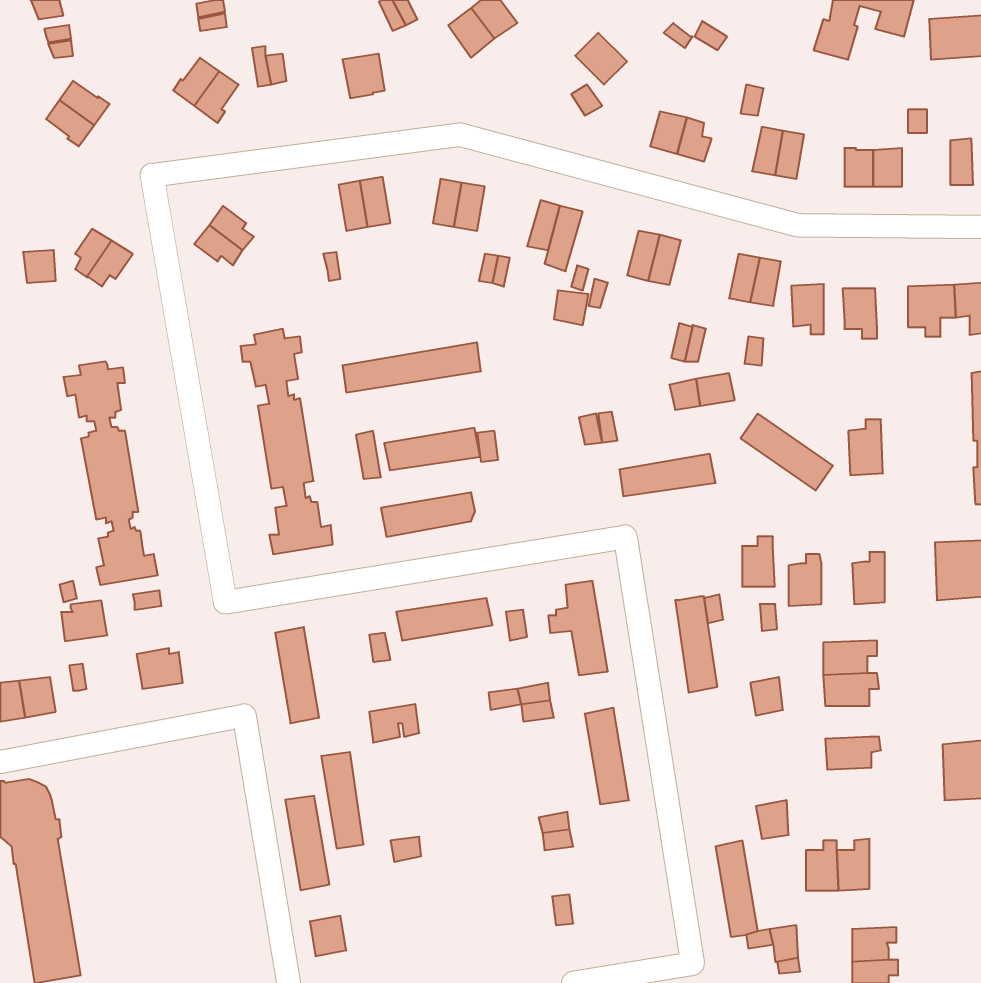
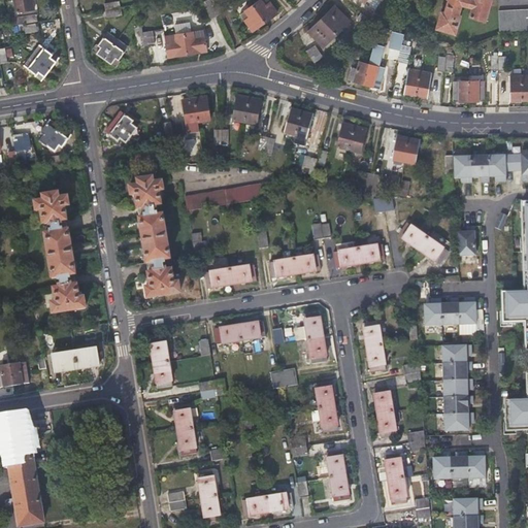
building: none -> [322,5,351,33]
building: none -> [166,32,189,56]
building: [791,284,824,334] -> [470,154,488,180]
building: [384,428,480,470] -> [269,254,321,276]
building: [742,537,775,587] -> [441,297,459,324]
building: [61,601,107,641] -> [53,351,77,372]
building: none -> [443,377,472,396]
building: none -> [373,386,396,436]
building: none -> [444,411,473,430]
building: [285,796,329,890] -> [197,471,221,522]
building: none -> [326,449,350,500]
building: none -> [467,450,486,476]
building: none -> [242,492,293,515]

